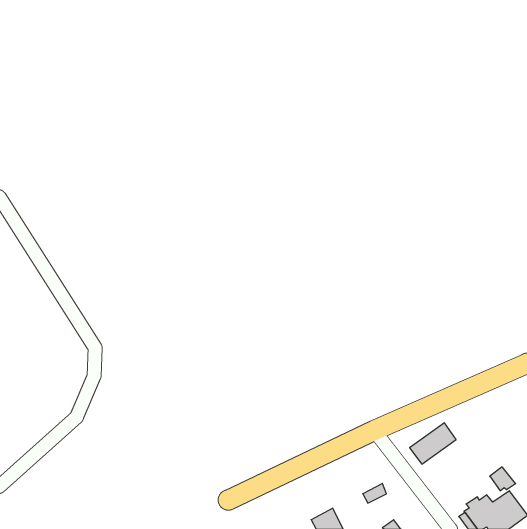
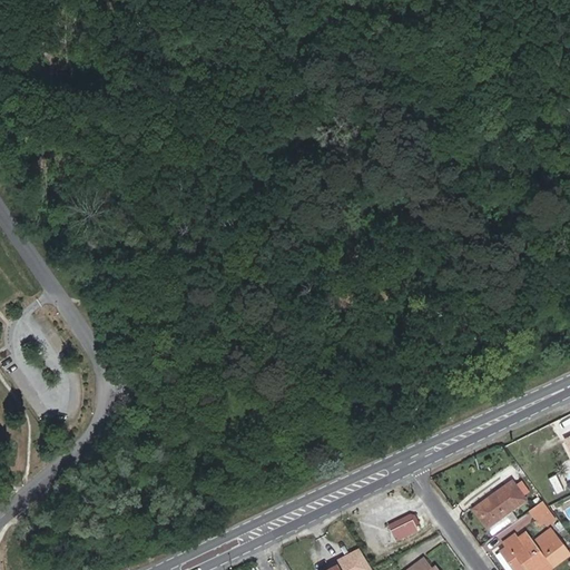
building: [410,423,456,464] -> [474,482,524,527]

